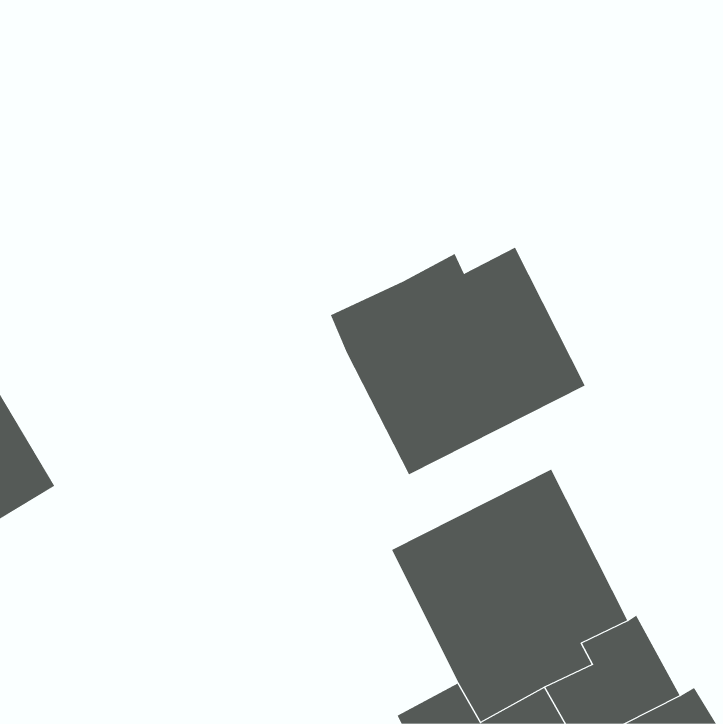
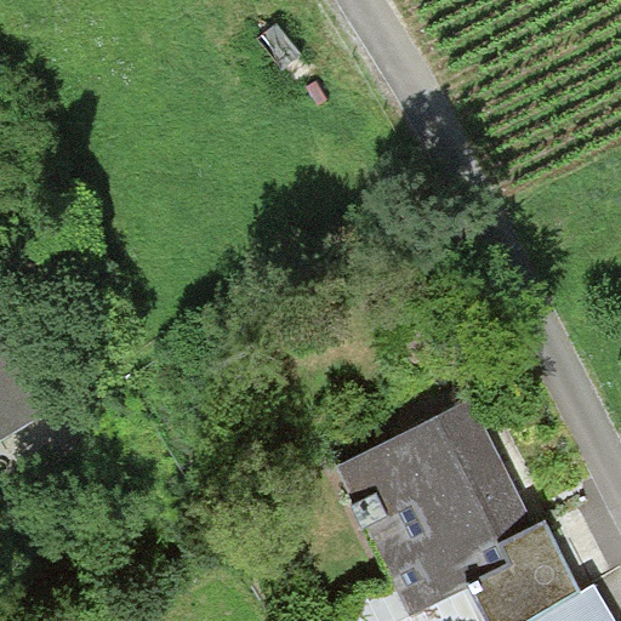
building: [330,247,586,475] -> none

